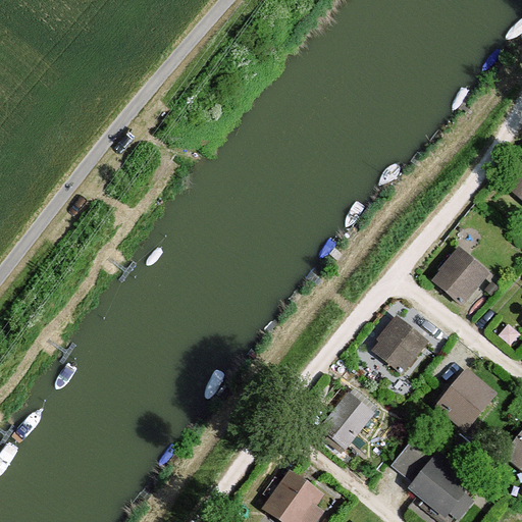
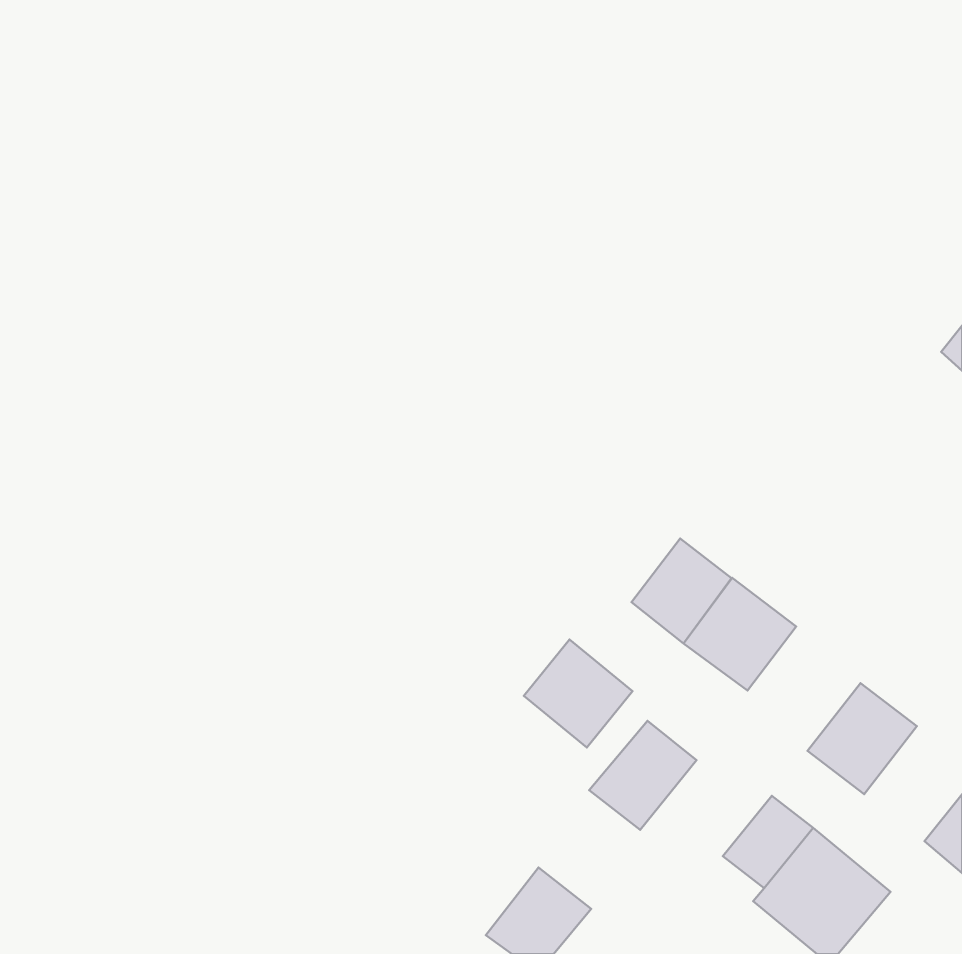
building: [430,247,488,306] -> none
building: none -> [631,539,732,644]
building: none -> [524,640,632,747]

